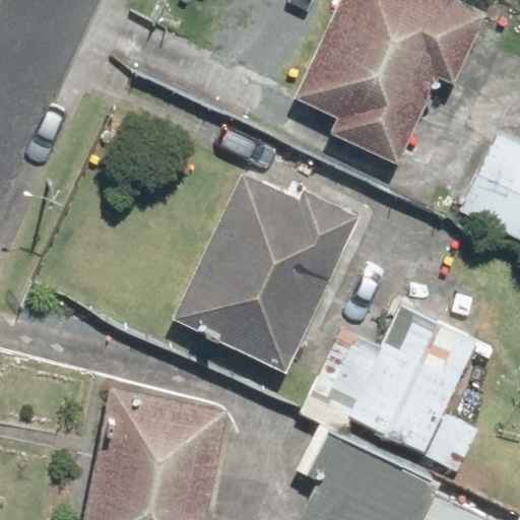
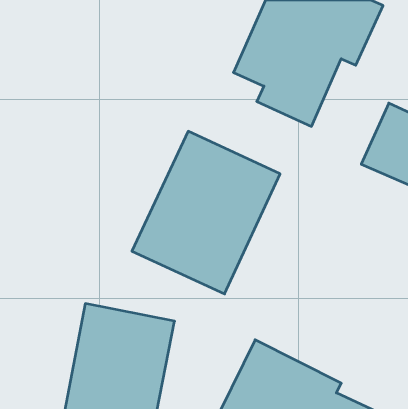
building: [303,304,480,466] -> none

